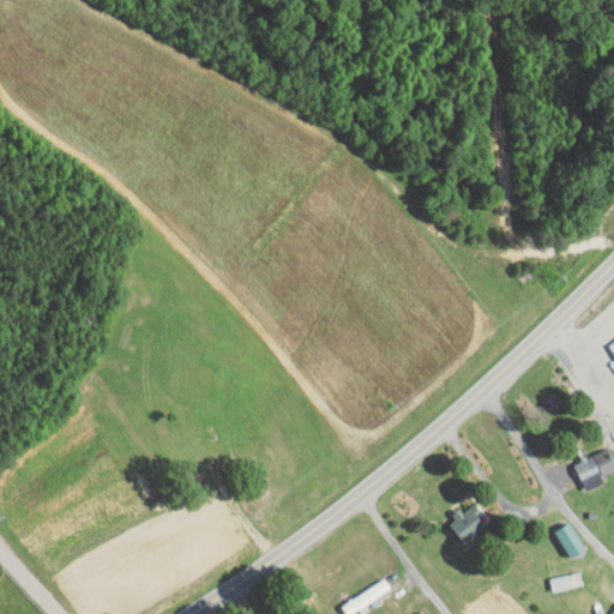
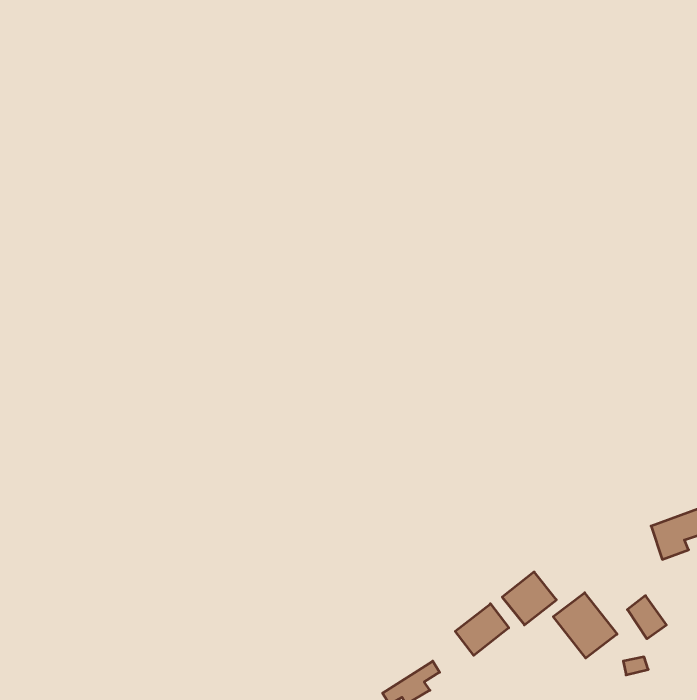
building: none -> [553,593,617,658]
building: none -> [455,604,509,655]

